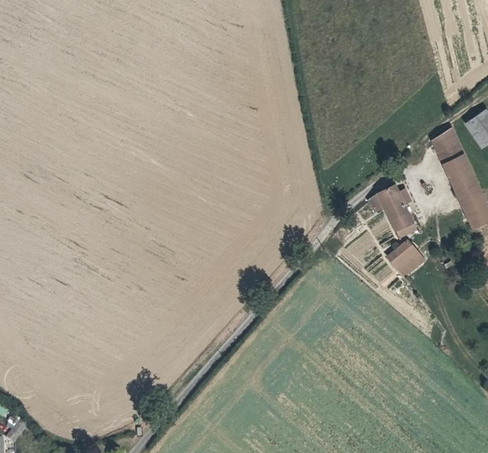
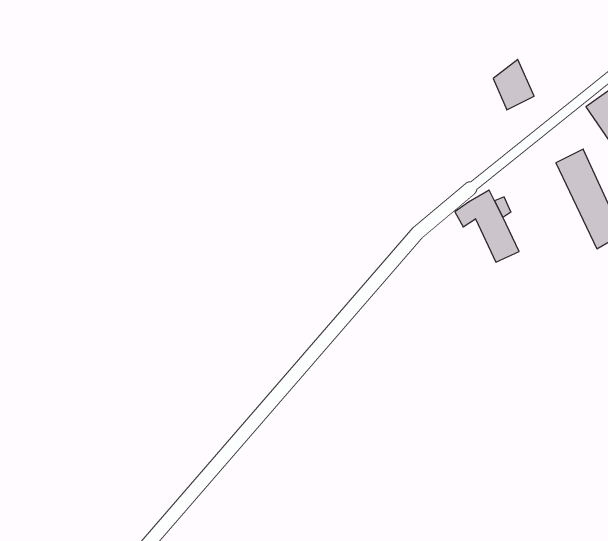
building: [433,127,463,164] -> [493,59,534,110]
building: [388,240,422,276] -> none

